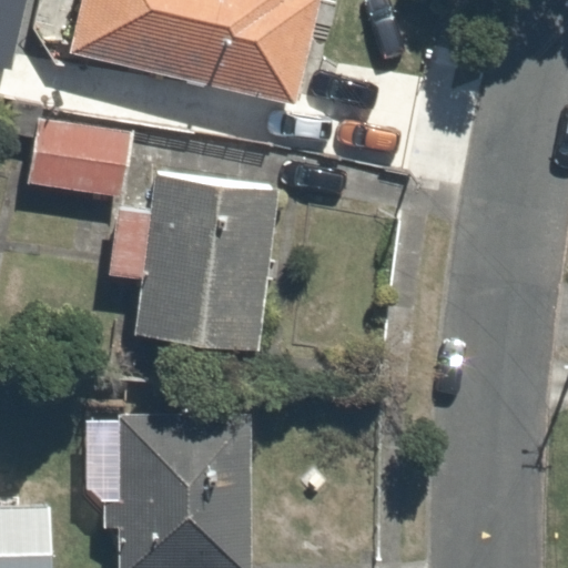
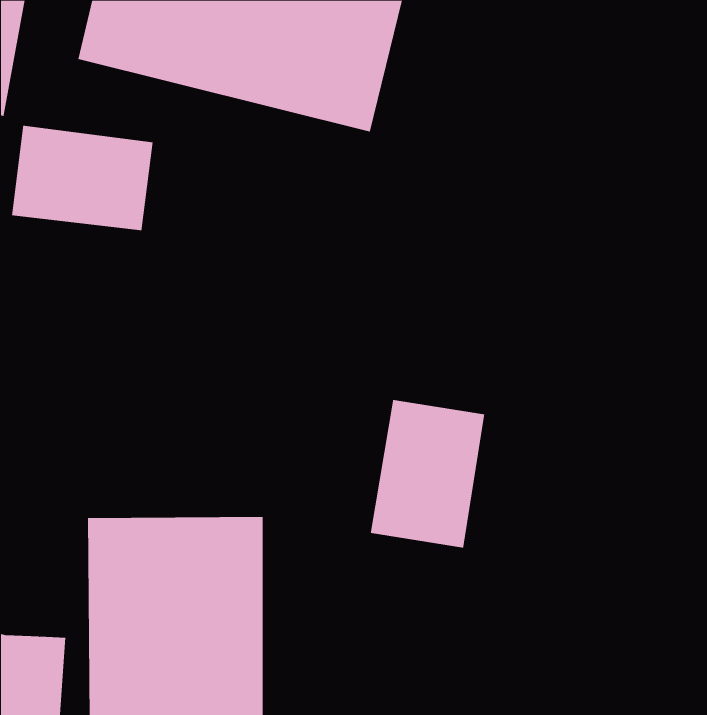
building: [135,166,274,363] -> none
building: none -> [370,399,485,549]

